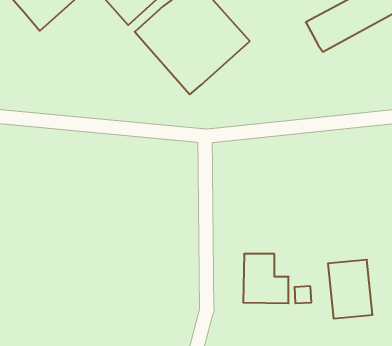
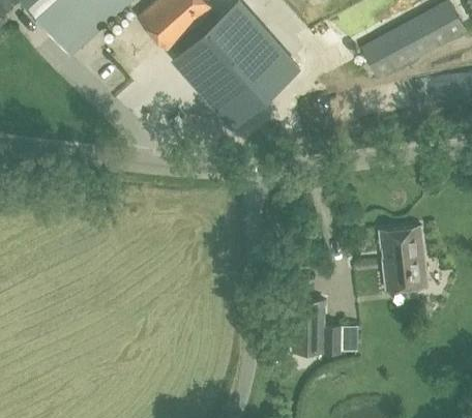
building: [328,260,373,319] -> [380,227,429,291]

